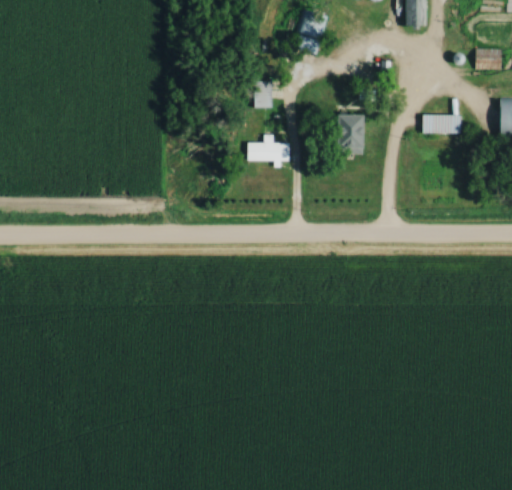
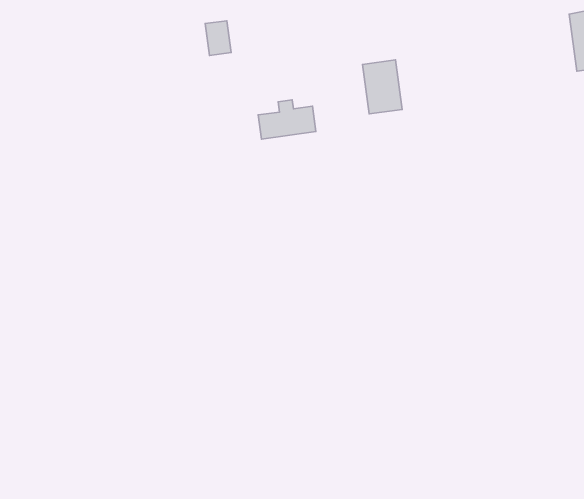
building: [255,82,272,107] -> [205,21,231,55]
building: [423,115,463,134] -> none

